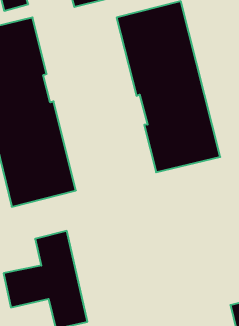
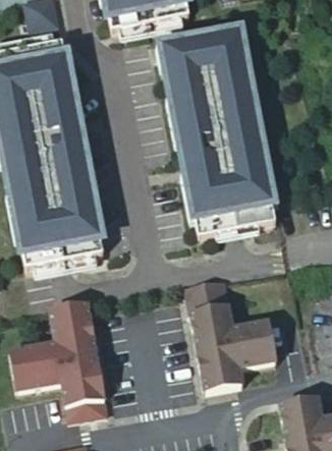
building: none -> [185,278,274,389]

